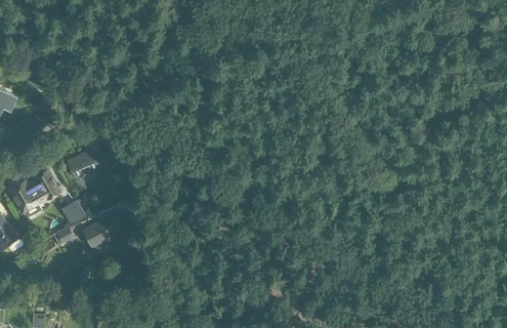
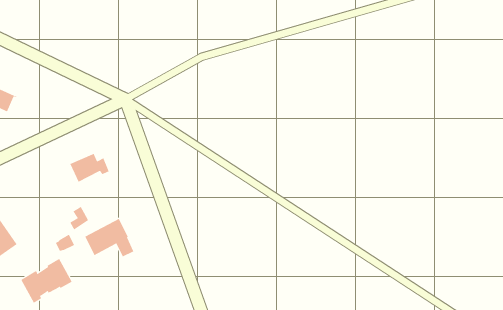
building: [10,169,59,212] -> [20,258,72,304]

